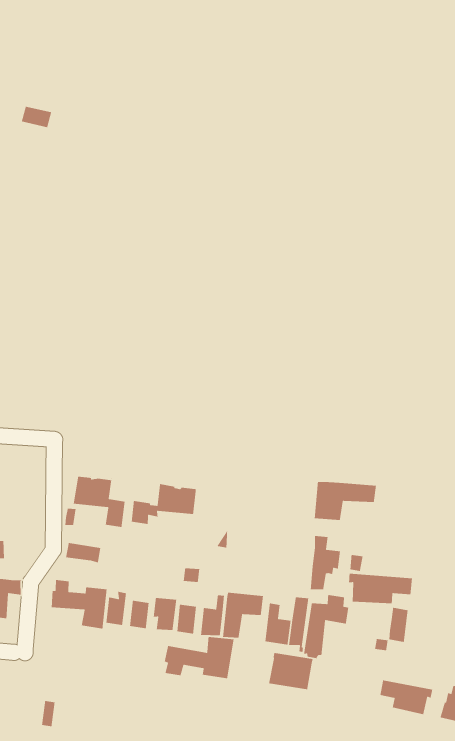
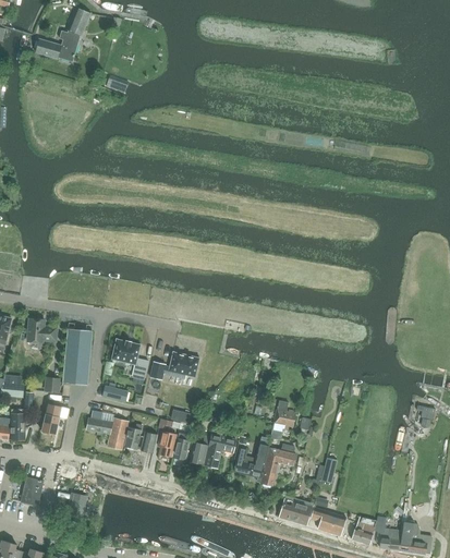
building: none -> [61,329,92,385]
building: [314,481,377,521] -> none
building: [348,573,413,604] -> none
building: [164,636,235,679] -> none
building: [268,652,313,690] -> [278,496,312,525]

